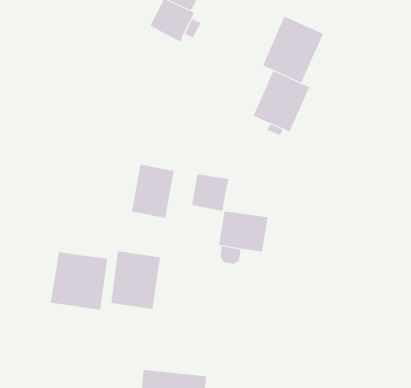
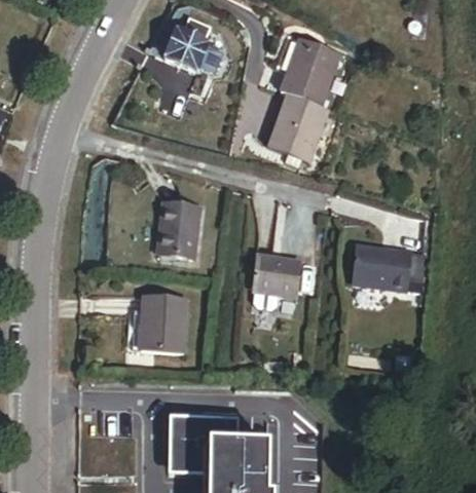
building: [192,174,229,212] -> none
building: none -> [341,243,422,290]
building: [50,251,108,311] -> none

